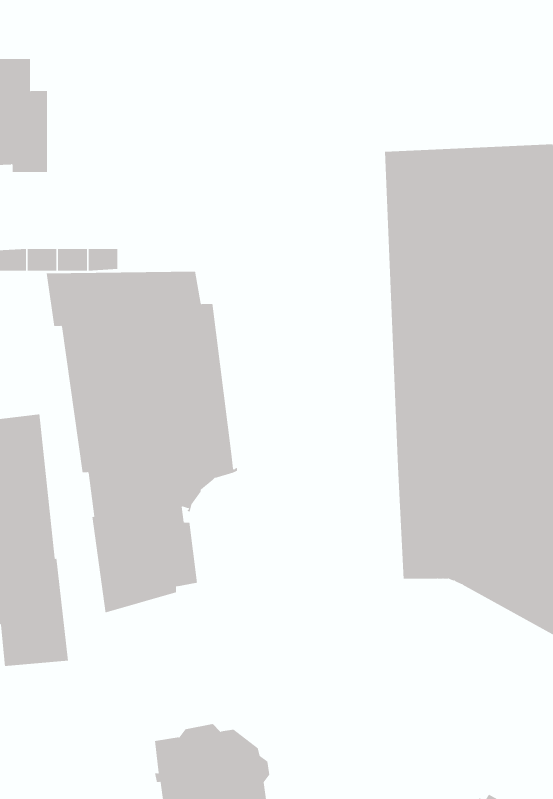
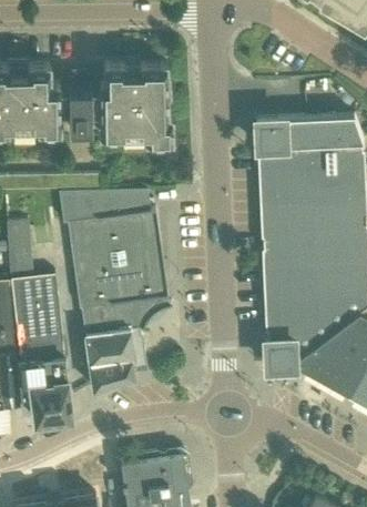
building: none -> [100,67,173,145]
building: none -> [69,93,92,133]

